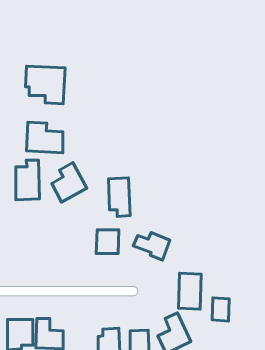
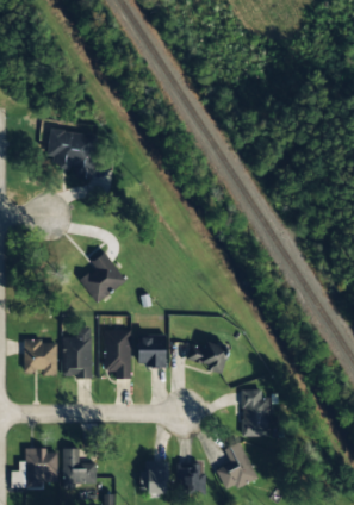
building: [26,122,63,153] -> none
building: [16,160,40,200] -> [62,329,92,379]
building: [109,178,130,217] -> [104,331,131,380]
building: none -> [23,341,56,375]
building: [212,298,229,321] -> none

